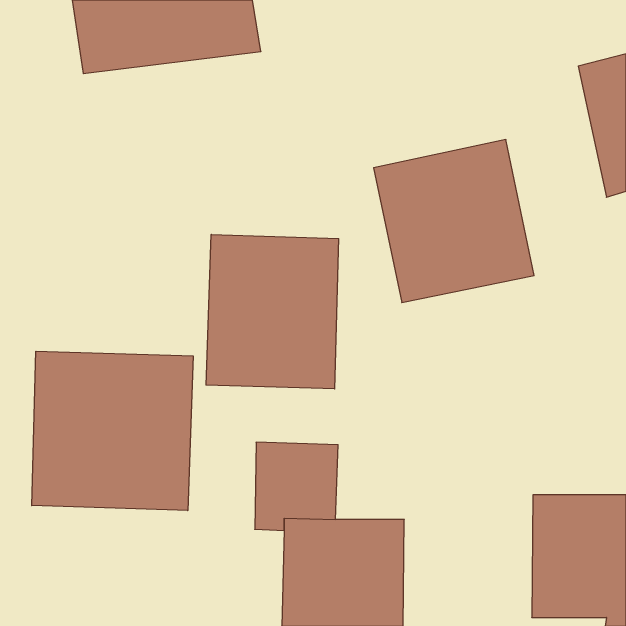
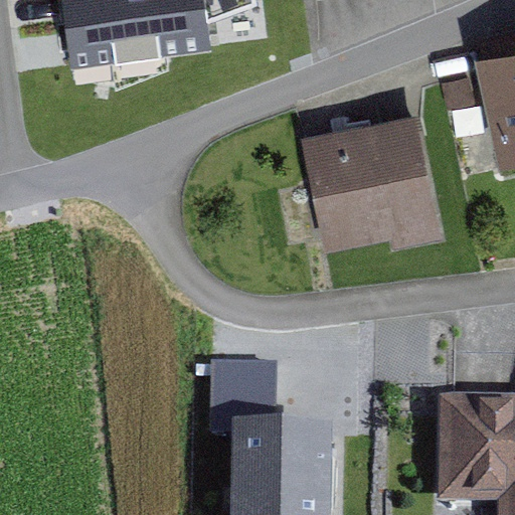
building: [206,234,339,389] -> none
building: [32,351,193,511] -> none

